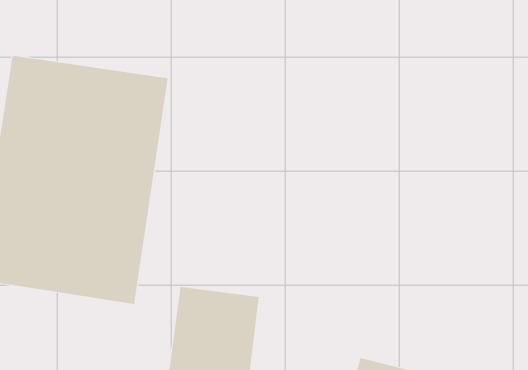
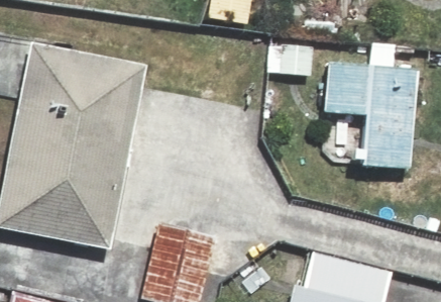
building: none -> [278,40,420,170]

